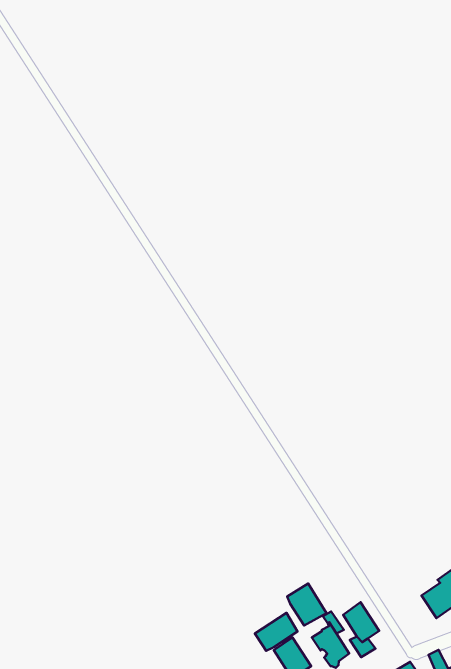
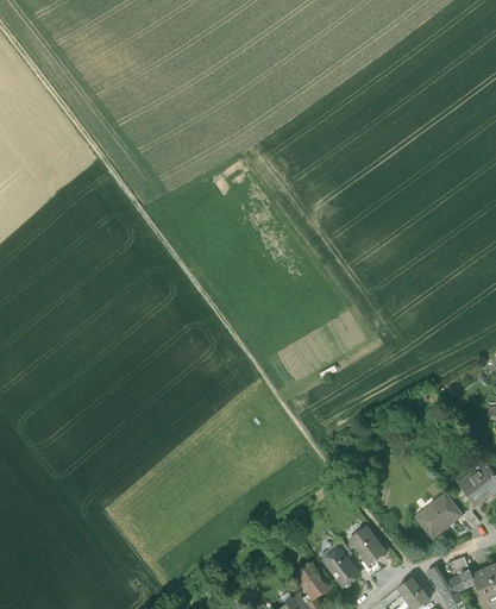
building: [287,584,326,626] -> none
building: [255,613,297,651] -> none

